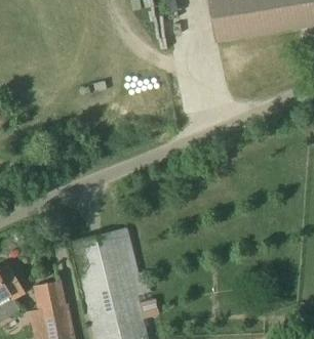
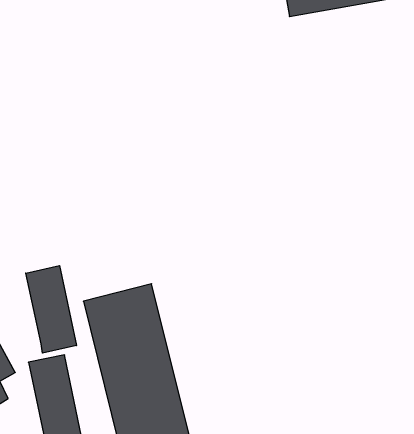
building: none -> [26,266,76,353]

